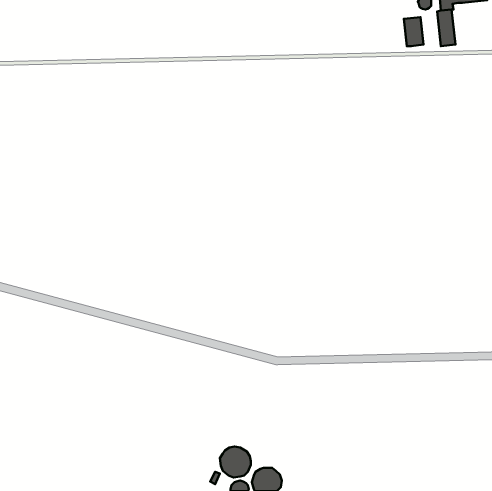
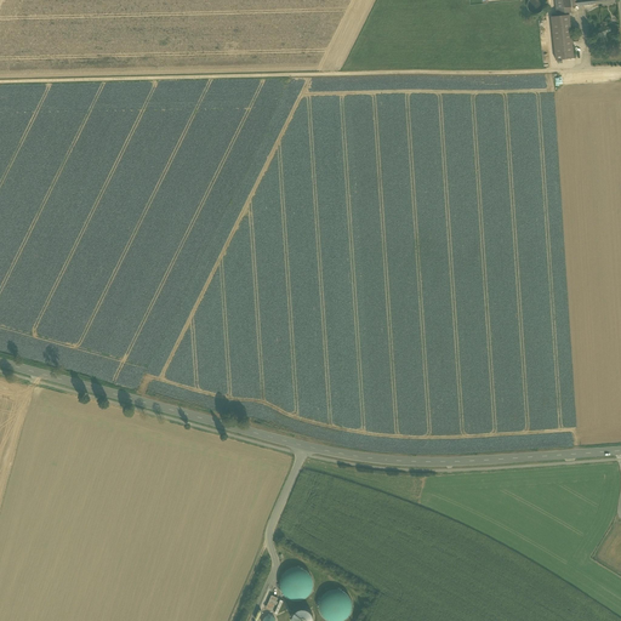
building: [404,17,423,46] -> none

